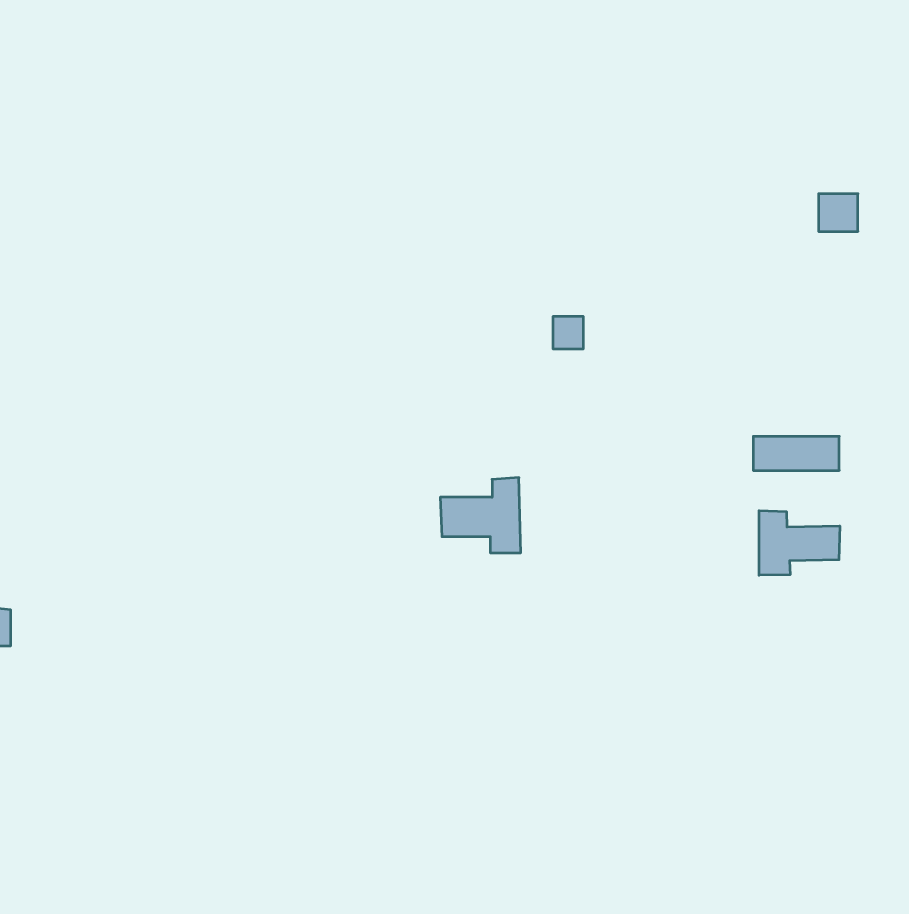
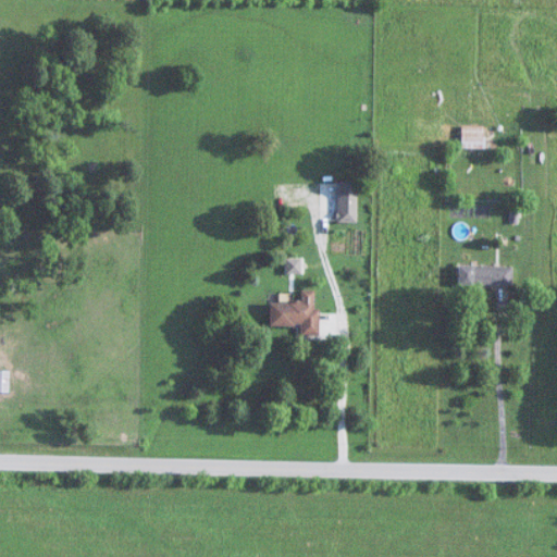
building: [819,194,858,231] -> [459,126,483,149]
building: [759,511,840,575] -> none

